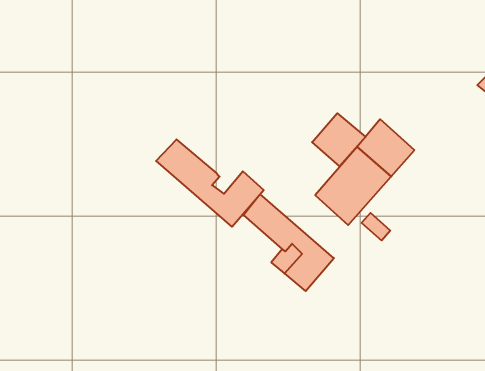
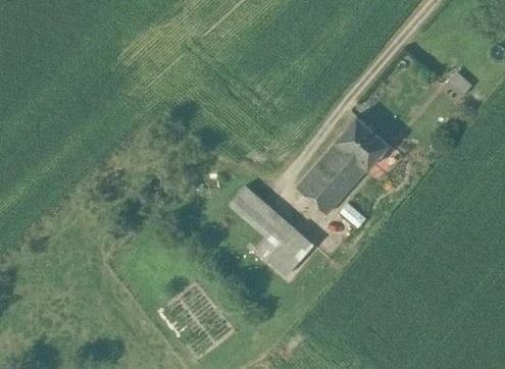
building: [312,113,366,166] -> none
building: [156,139,264,227] -> none

